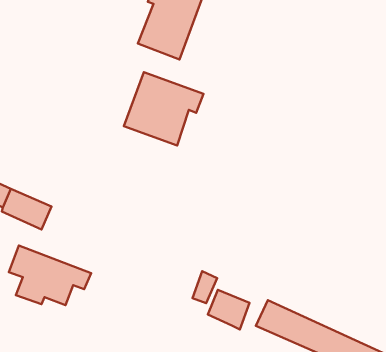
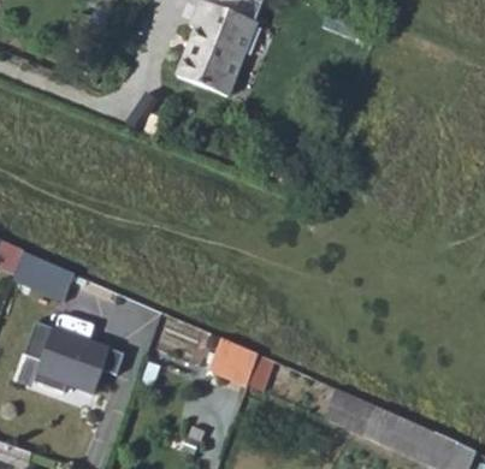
building: [124,72,203,145] -> none
building: [208,290,250,330] -> [207,337,258,385]

